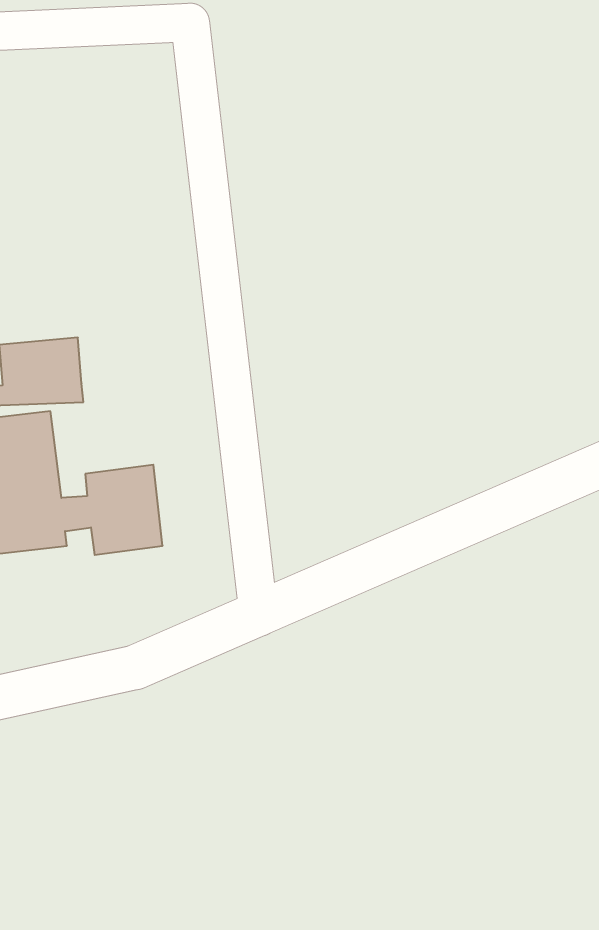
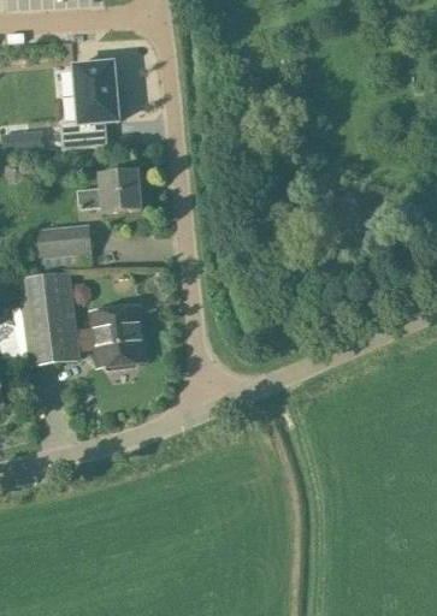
building: none -> [59,63,117,148]
building: none -> [77,167,142,212]

